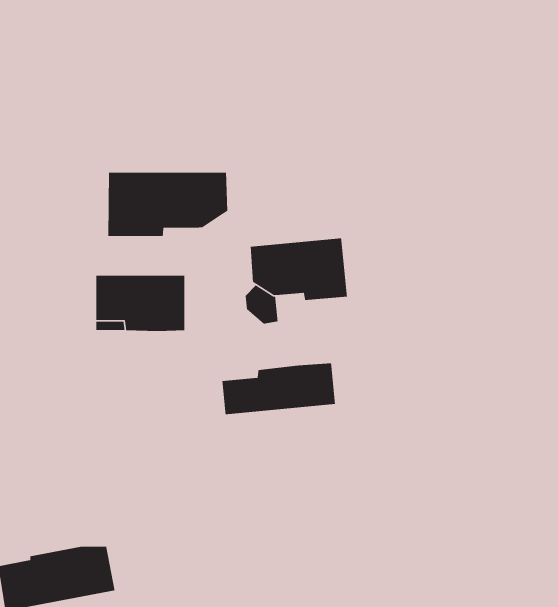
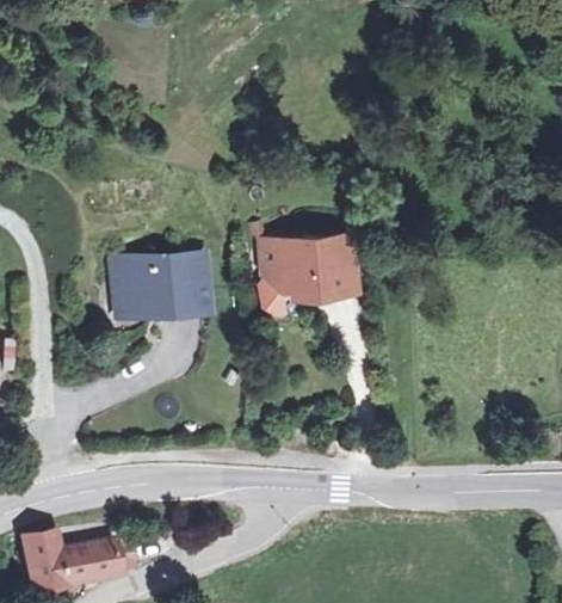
building: [108,172,228,237] -> none
building: [222,363,336,415] -> none

